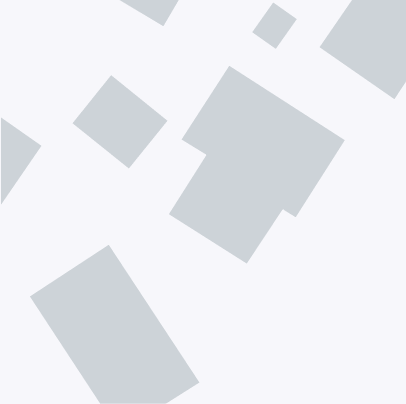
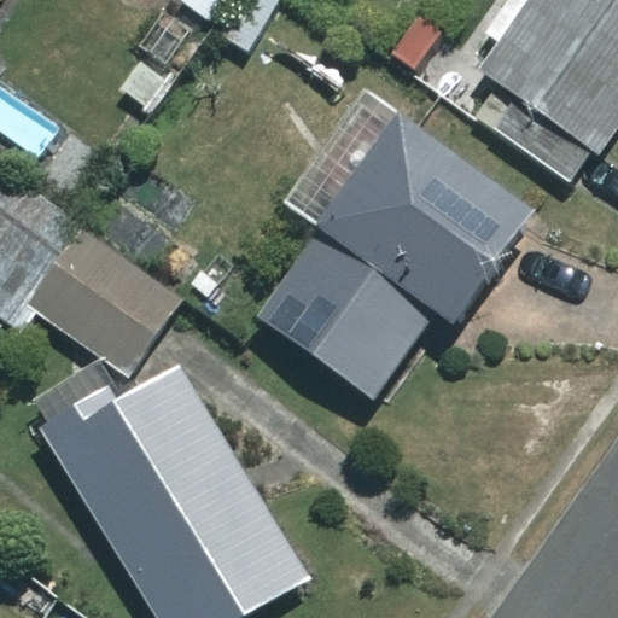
building: [71,74,169,170] -> [34,228,180,372]

